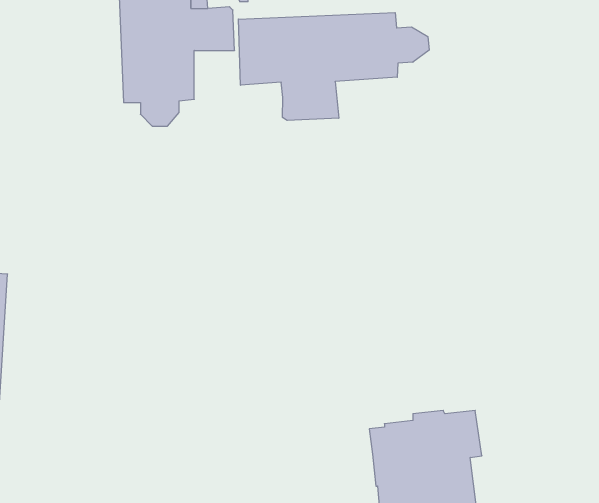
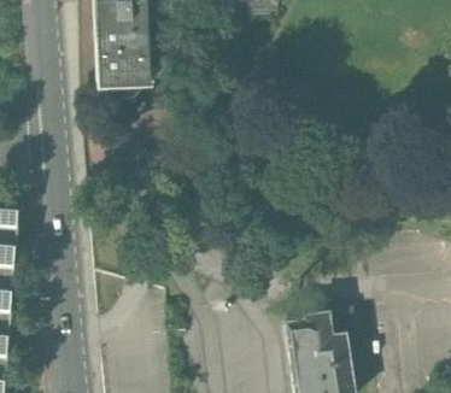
building: [238,13,429,120] -> none

